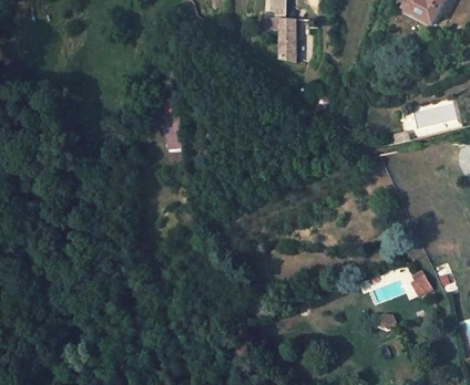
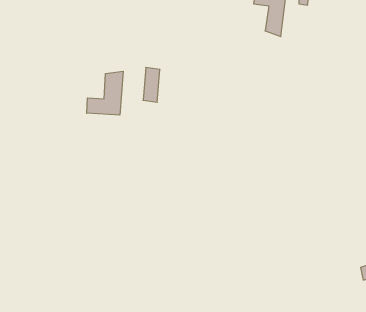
building: none -> [87,71,123,115]

